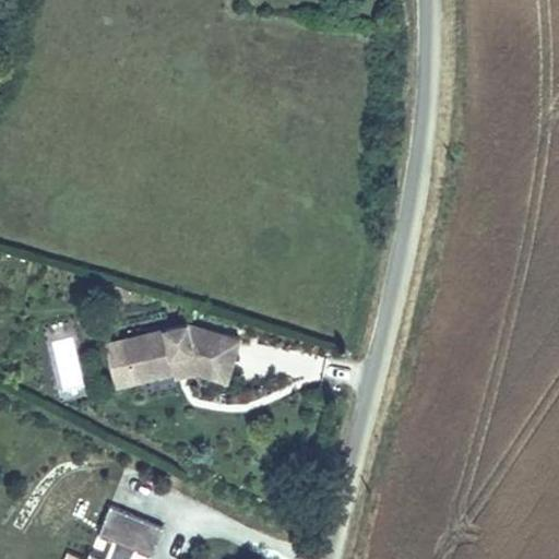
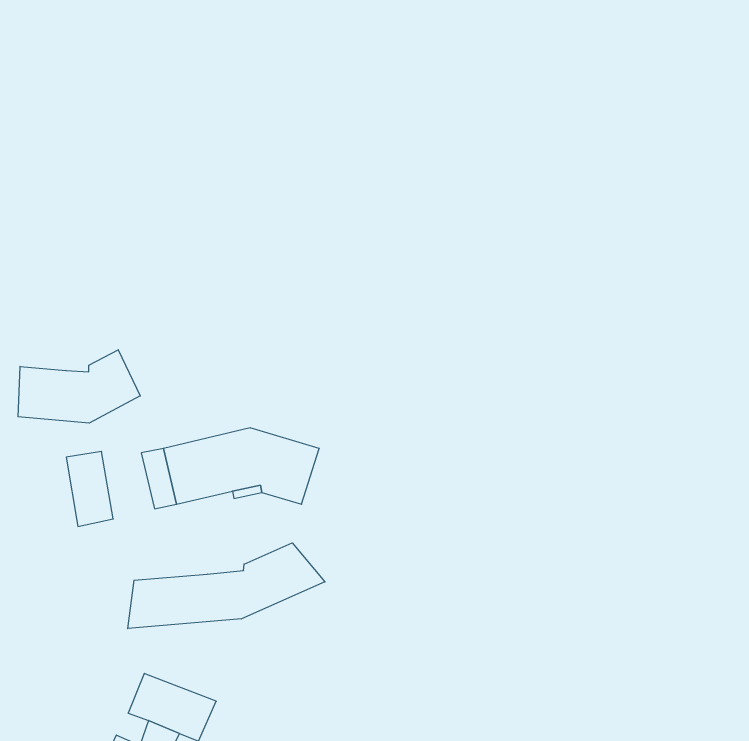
building: none -> [18,350,140,423]
building: none -> [128,543,325,629]

